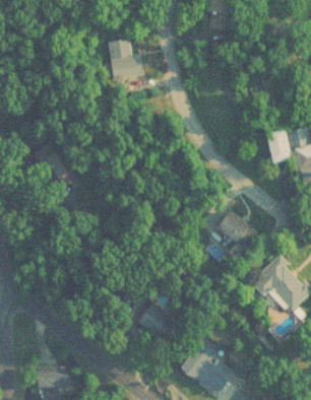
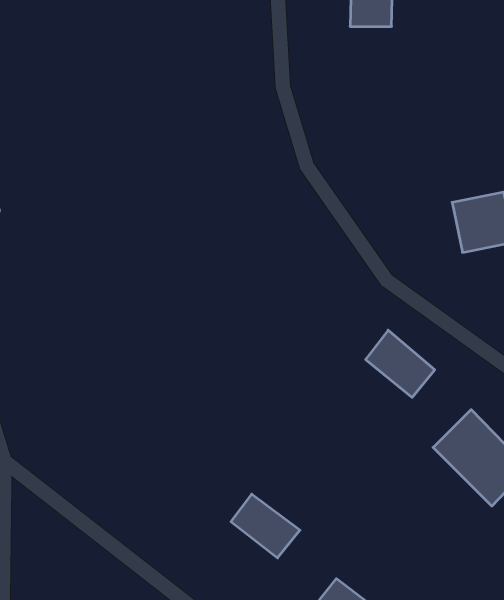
building: [107,40,144,81] -> none

